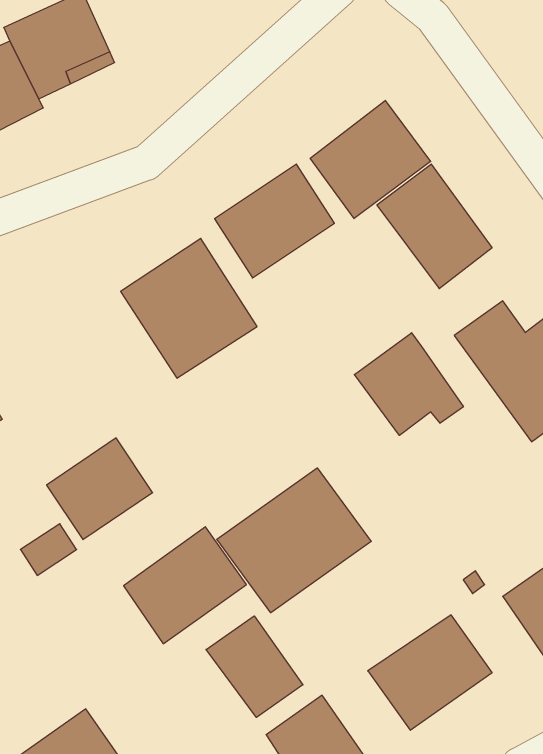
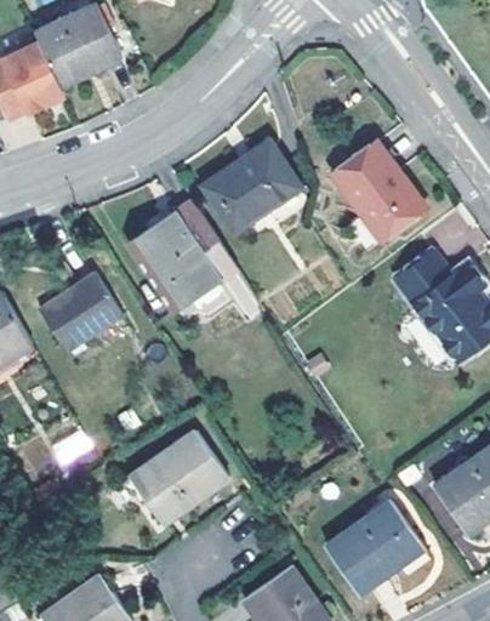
building: [310,100,431,219] -> none
building: [354,333,463,435] -> none
building: [47,438,153,540] -> [38,272,122,353]
building: [217,468,371,613] -> none
building: [206,616,303,717] -> none

